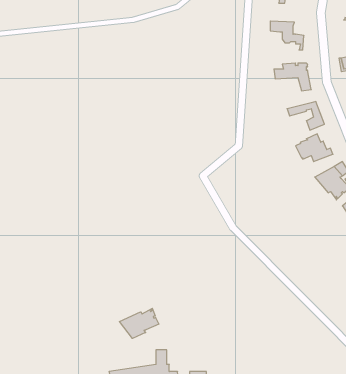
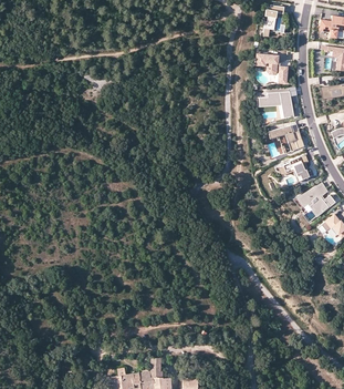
building: [119,308,159,338] -> none

